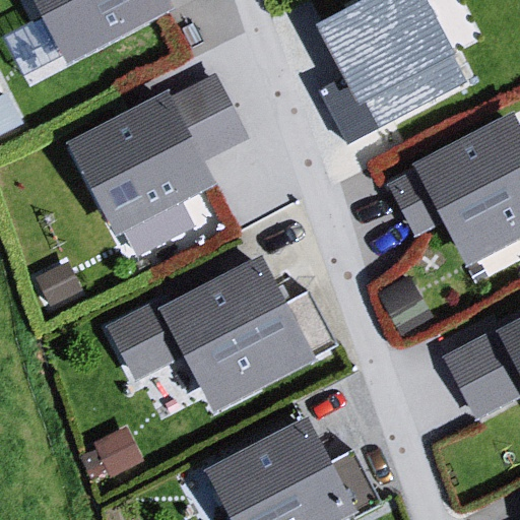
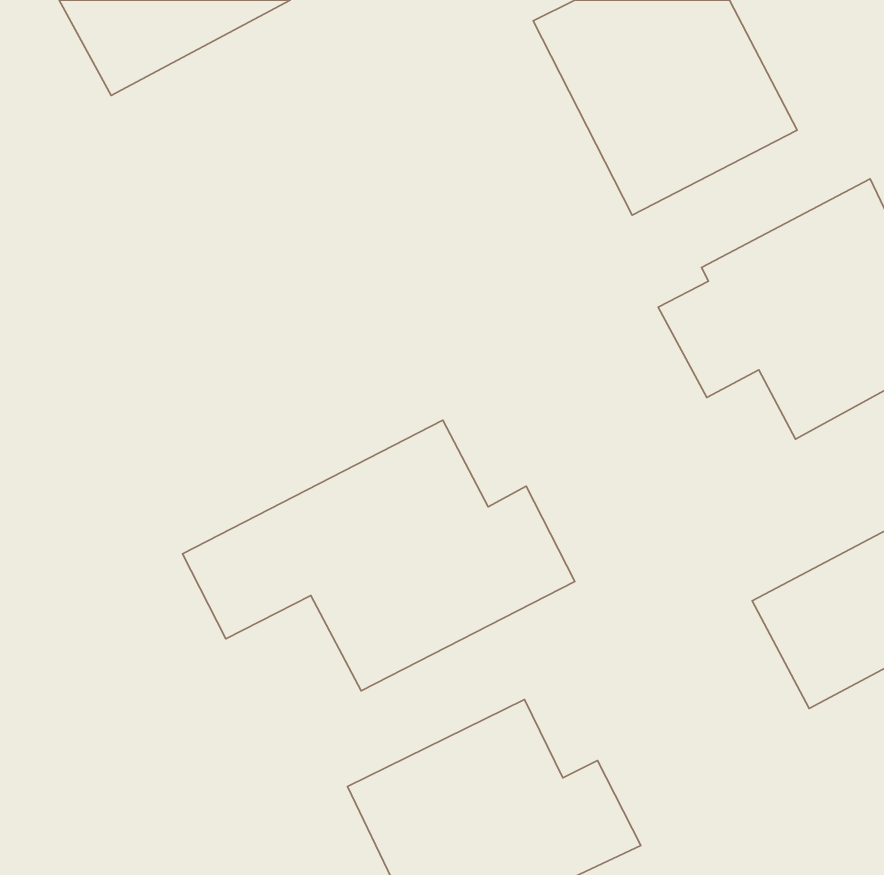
building: [66,73,250,258] -> none

